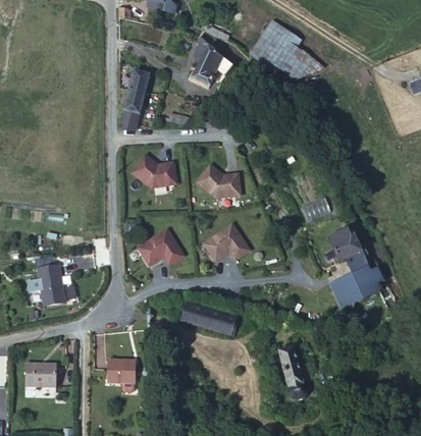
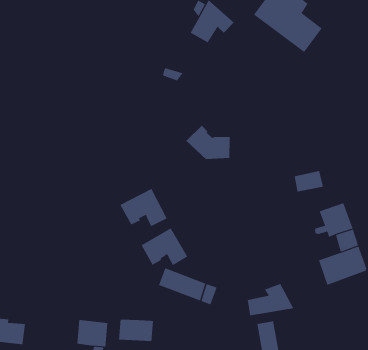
building: [118,70,149,130] -> none
building: [131,154,176,186] -> none
building: [204,223,250,261] -> [141,227,188,266]
building: [39,266,67,307] -> none
building: none -> [247,283,294,316]
building: none -> [118,319,154,342]

